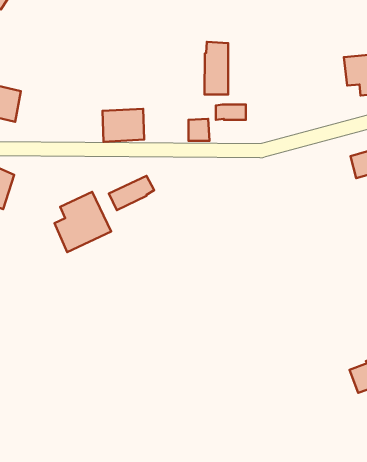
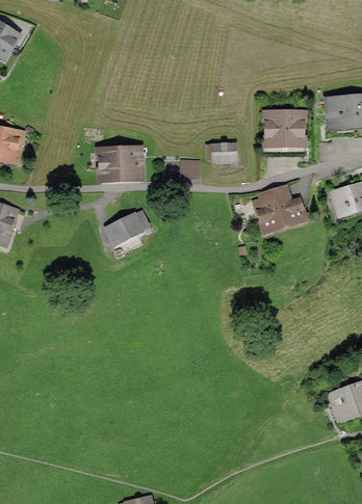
building: [204,42,228,94] -> none
building: none -> [268,115,302,153]
building: none -> [259,185,307,227]
building: [54,192,111,252] -> none

